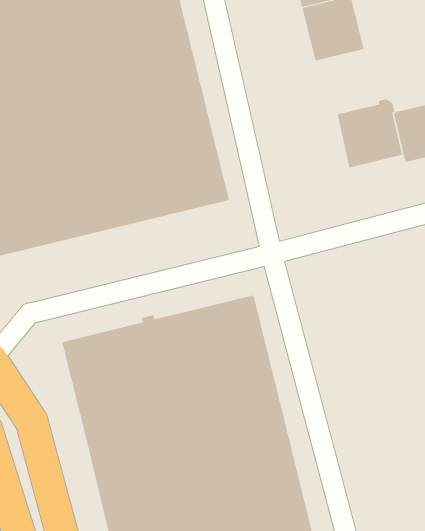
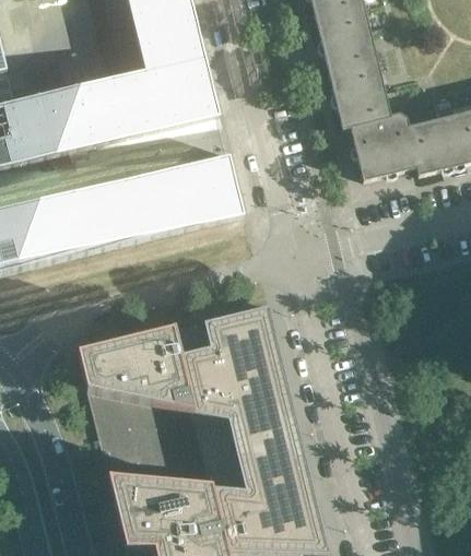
building: none -> [327,62,390,129]

